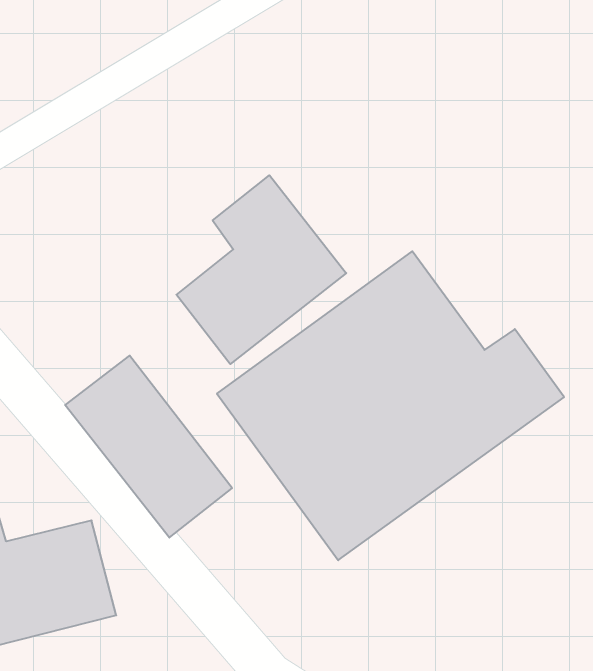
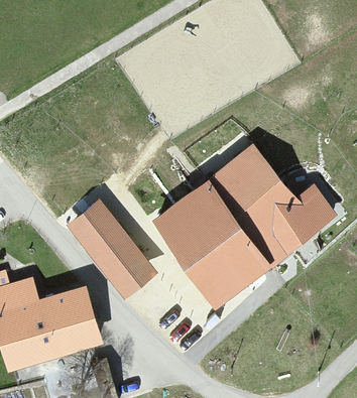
building: [176,175,346,364] -> none

